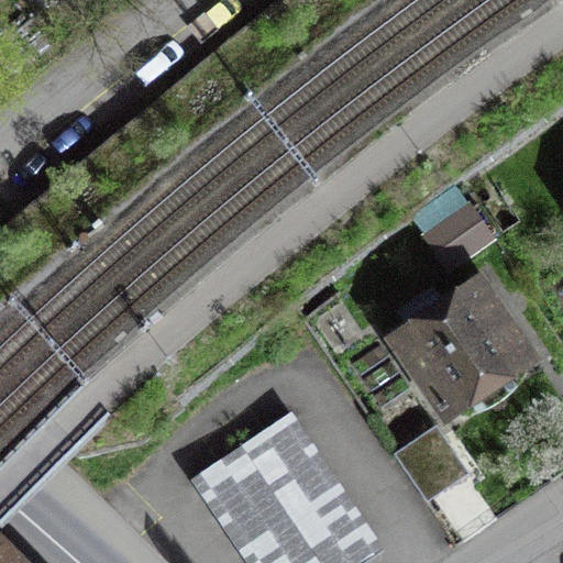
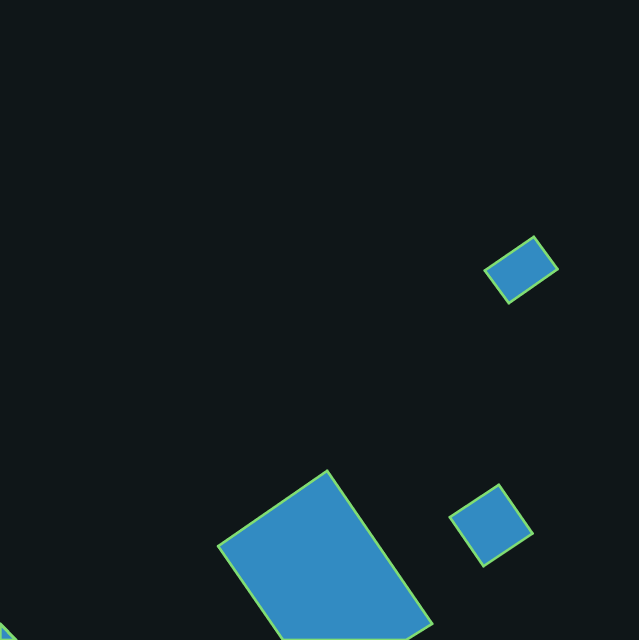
building: [405,290,523,409] -> none

